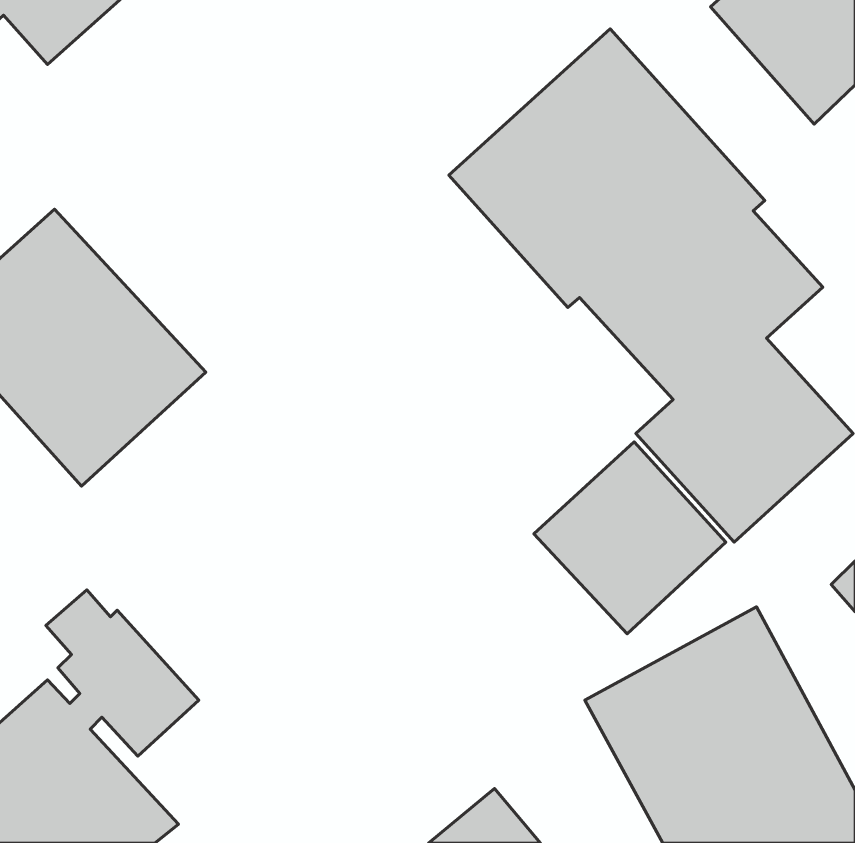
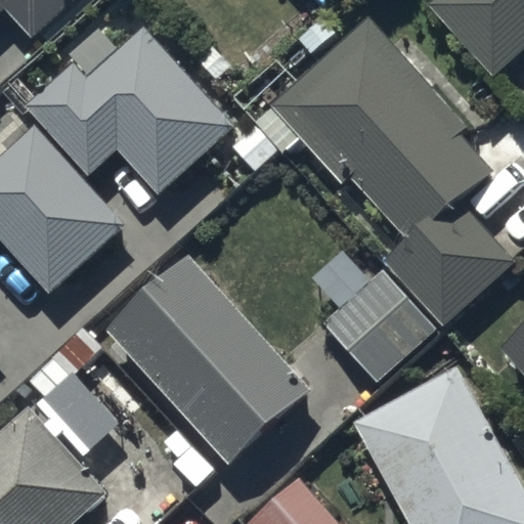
building: none -> [24,26,234,195]
building: none -> [105,257,311,468]

